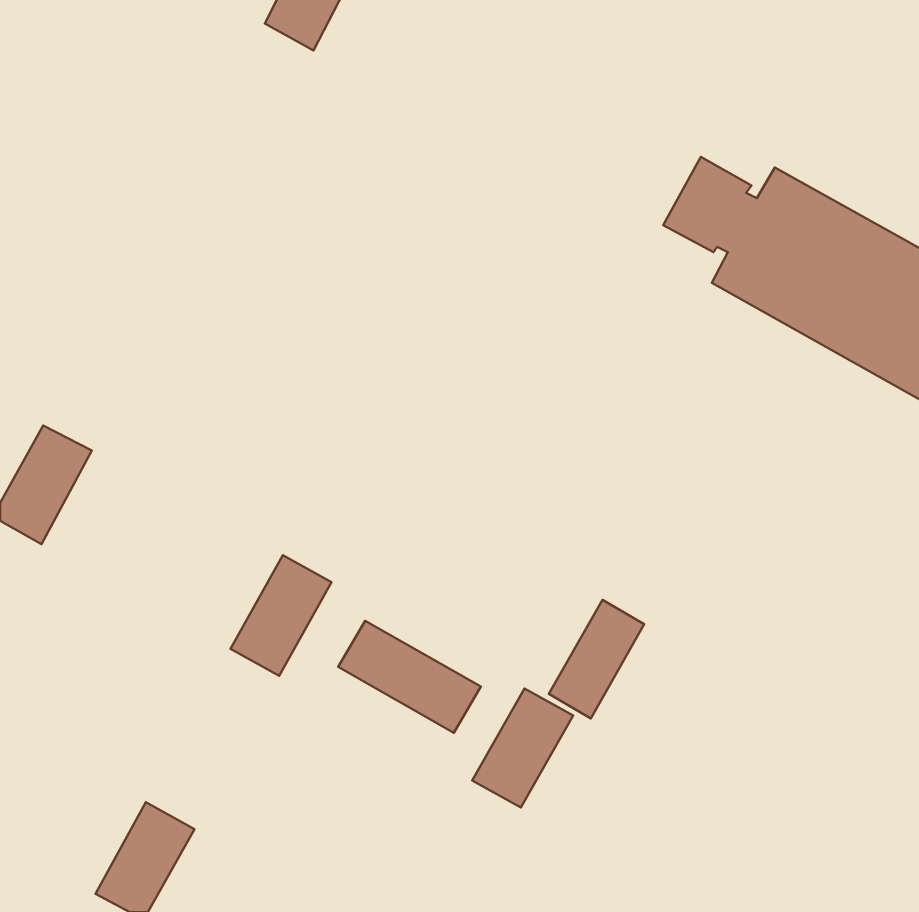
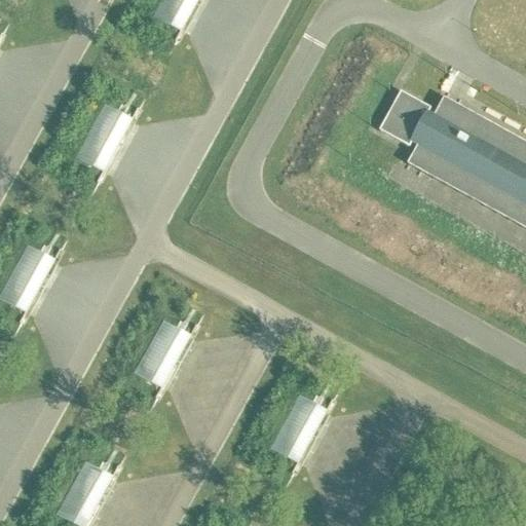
building: none -> [74,101,132,170]
building: [549,600,644,718] -> none
building: [338,621,481,733] -> none

